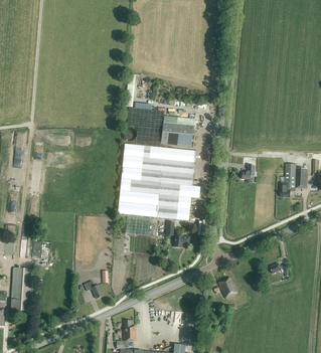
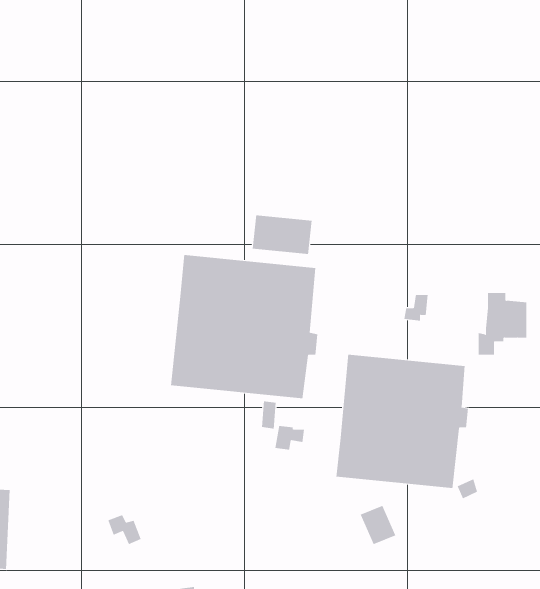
building: none -> [336,354,469,489]

